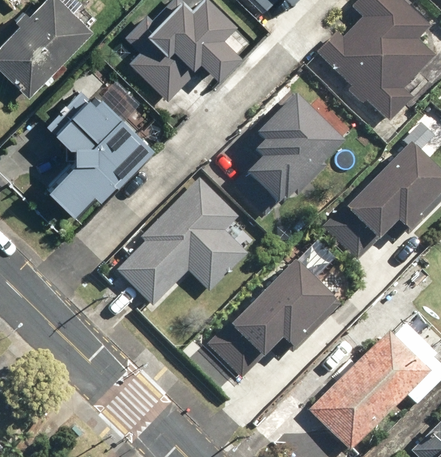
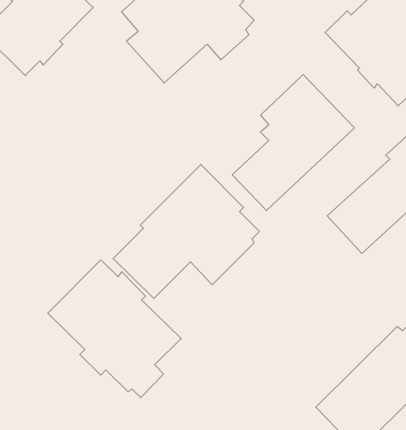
building: [47,74,155,210] -> none
building: [208,259,336,379] -> none
building: none -> [48,260,181,398]

